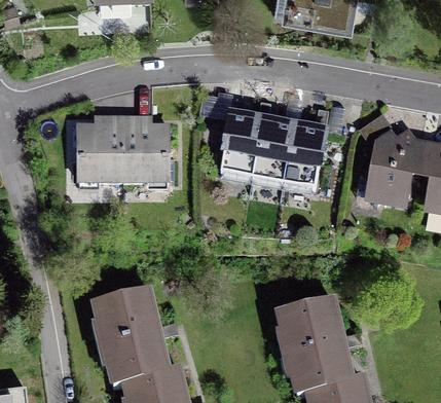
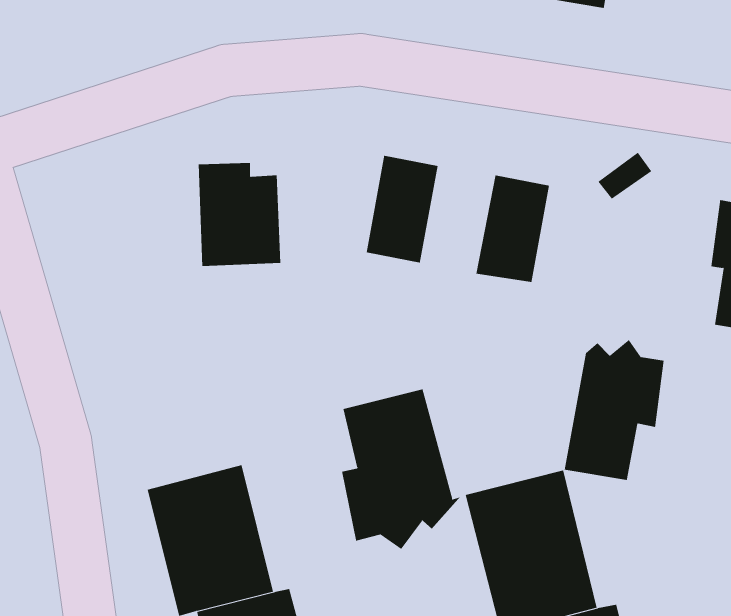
building: [76,118,122,179] -> none
building: [250,119,293,182] -> none
building: [365,126,424,209] -> [564,339,665,481]
building: none -> [341,389,462,550]

